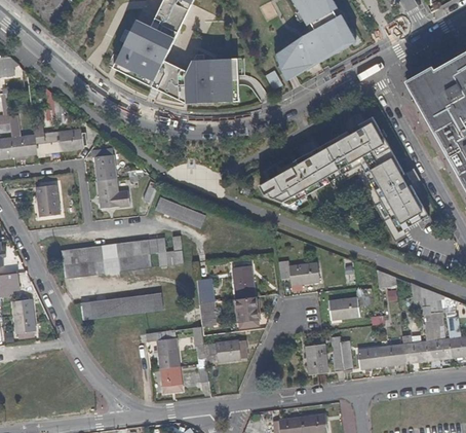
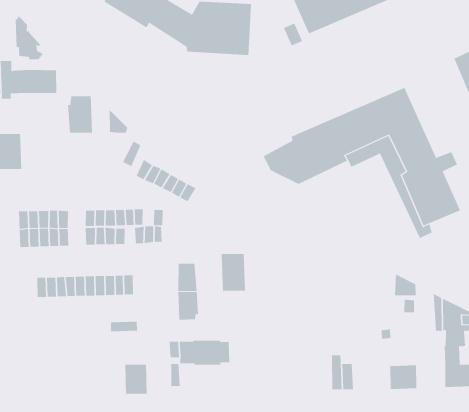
building: [96,178,130,208] -> none
building: [280,260,320,290] -> none
building: [329,288,373,324] -> none
building: [236,296,258,328] -> none
building: [402,334,428,363] -> none
building: [158,344,180,367] -> none
building: [306,344,328,375] -> none
building: [357,347,383,369] -> none

